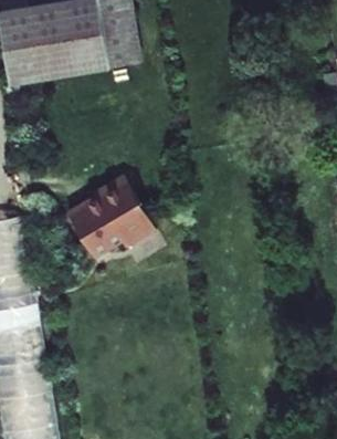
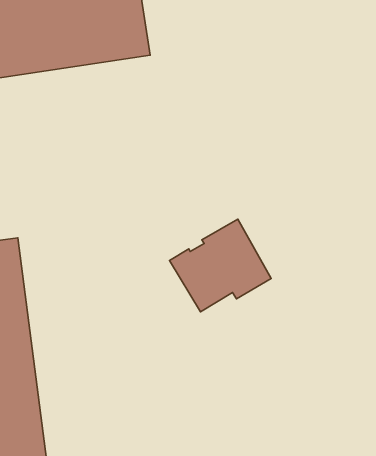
building: [66,177,154,257] -> [170,219,271,312]

